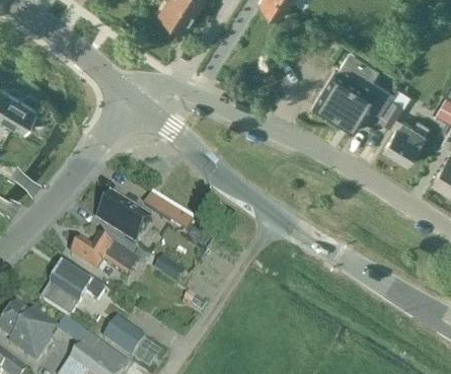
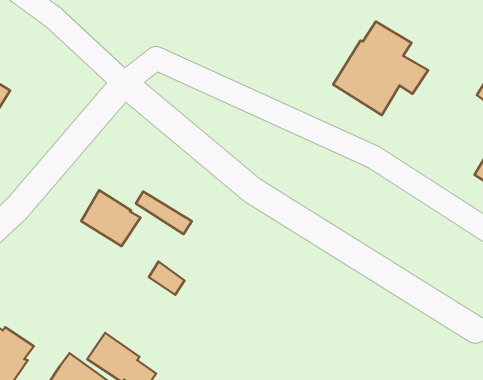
building: [379,99,429,165] -> none
building: [72,238,139,277] -> none
building: [41,264,105,320] -> none

